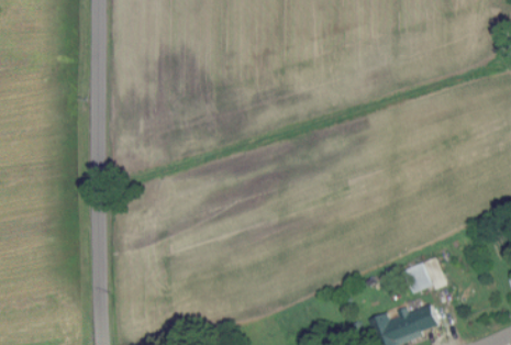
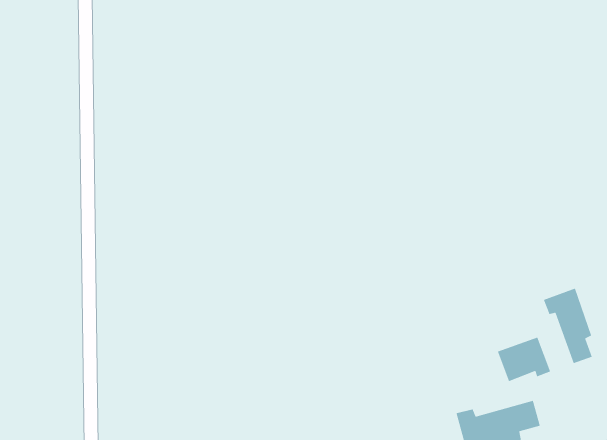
building: none -> [543,287,593,364]

